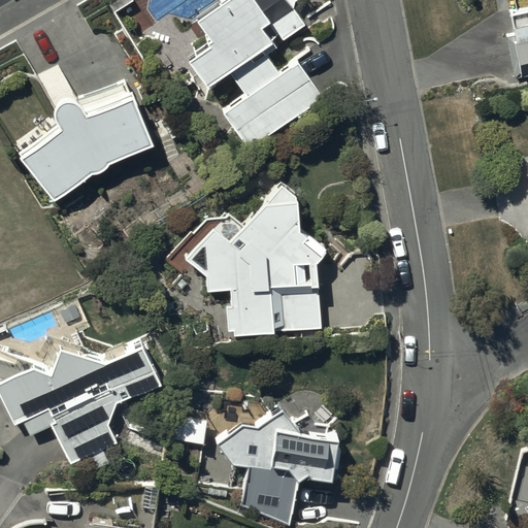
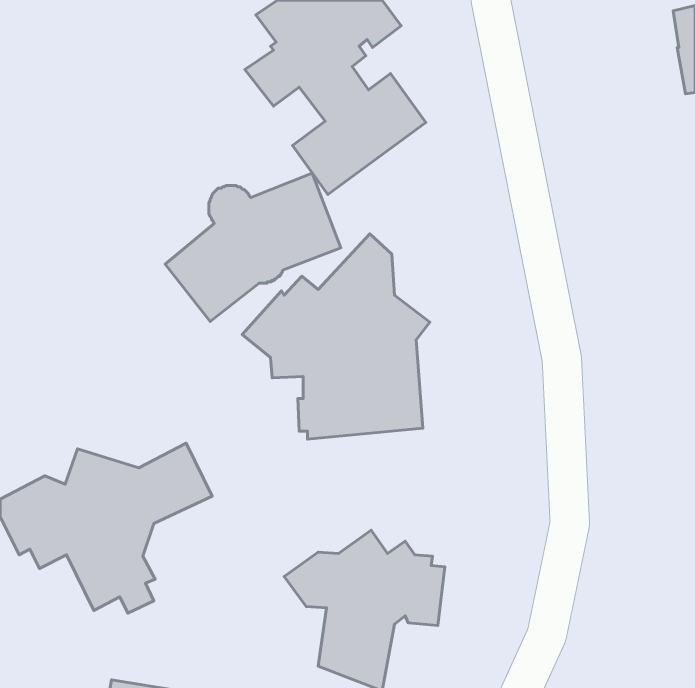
building: [20,87,153,199] -> [165,173,341,321]

